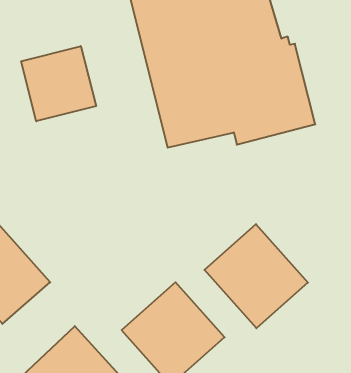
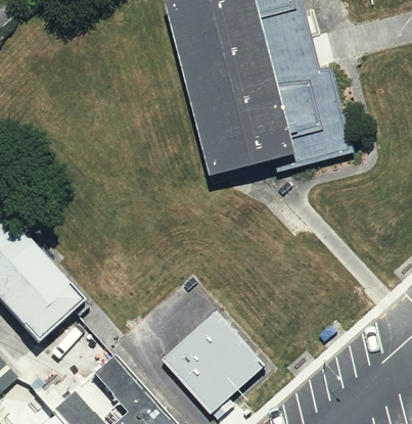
building: [21,46,96,121] -> none
building: [204,224,308,328] -> none

